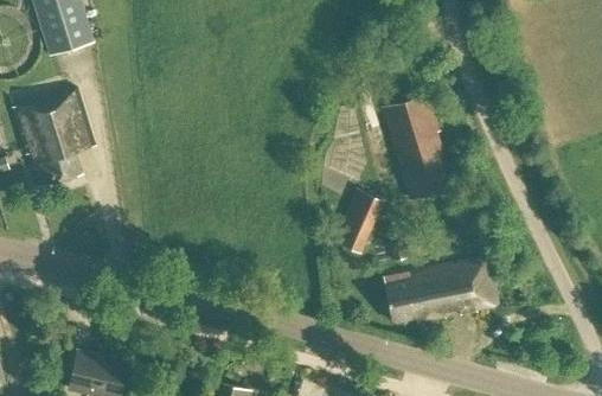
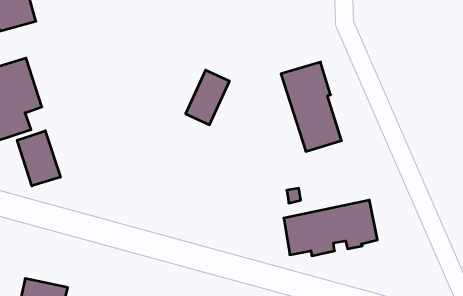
building: none -> [17,131,60,186]
building: [332,189,384,254] -> [186,70,229,125]

